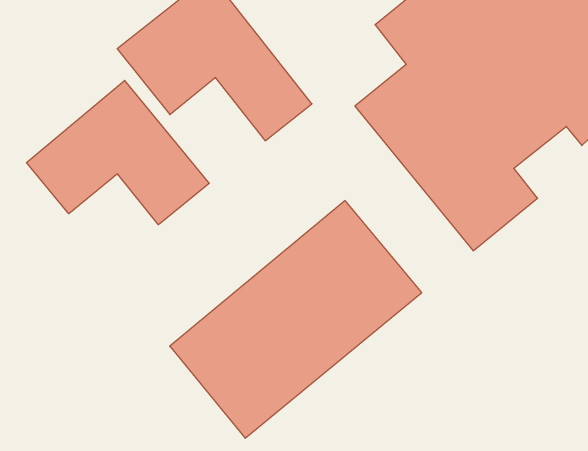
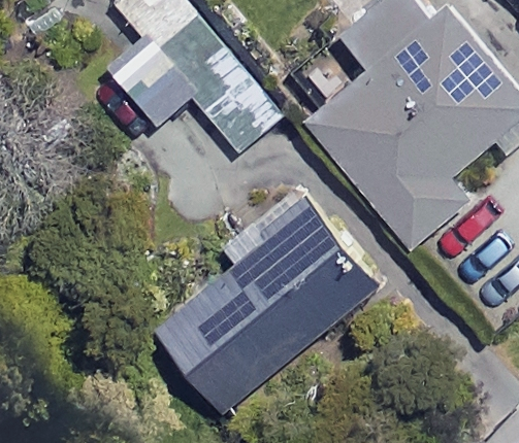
building: [27,80,209,225] -> none

